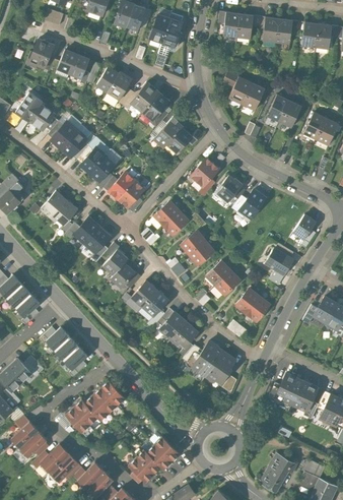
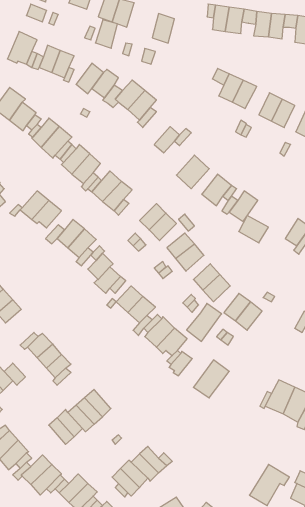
building: [150,15,172,43] -> [95,20,118,48]
building: [153,116,184,149] -> none
building: [266,250,294,276] -> [239,216,268,243]
building: [191,342,224,379] -> [187,303,222,341]

